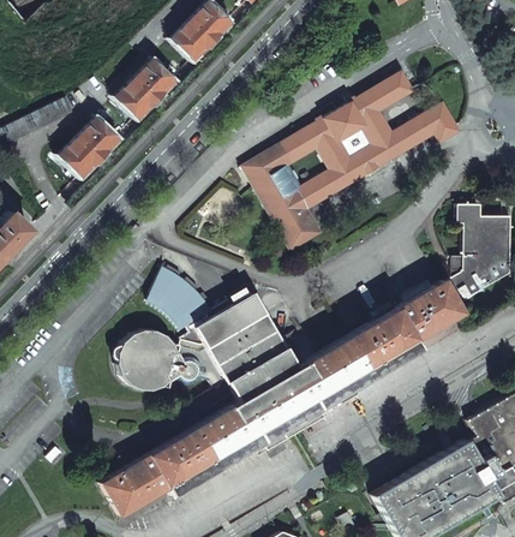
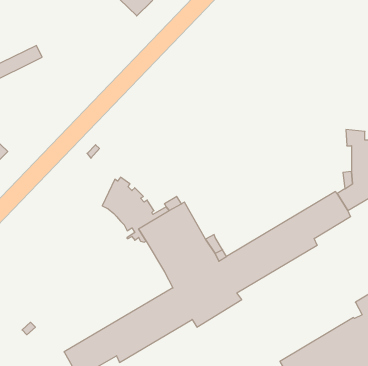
building: [116,60,173,118] -> none
building: [244,72,460,249] -> none
building: [60,118,116,175] -> none
building: [116,328,228,390] -> none

